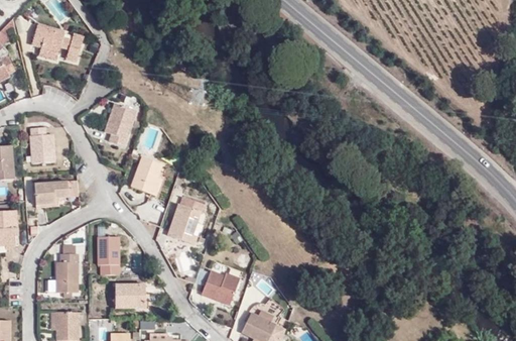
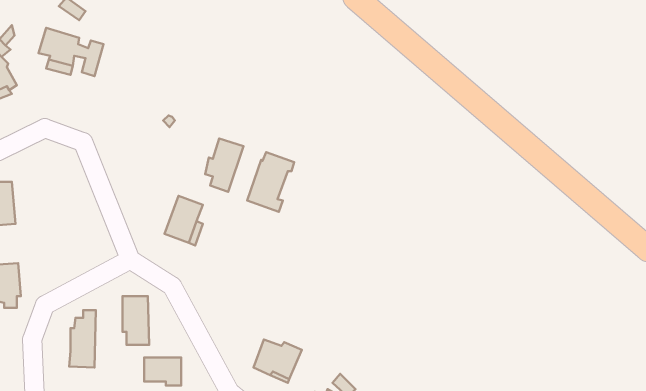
building: [105,104,135,146] -> [205,138,243,192]
building: [29,127,53,163] -> none
building: [34,181,68,204] -> none
building: [167,197,205,244] -> [247,152,294,212]

